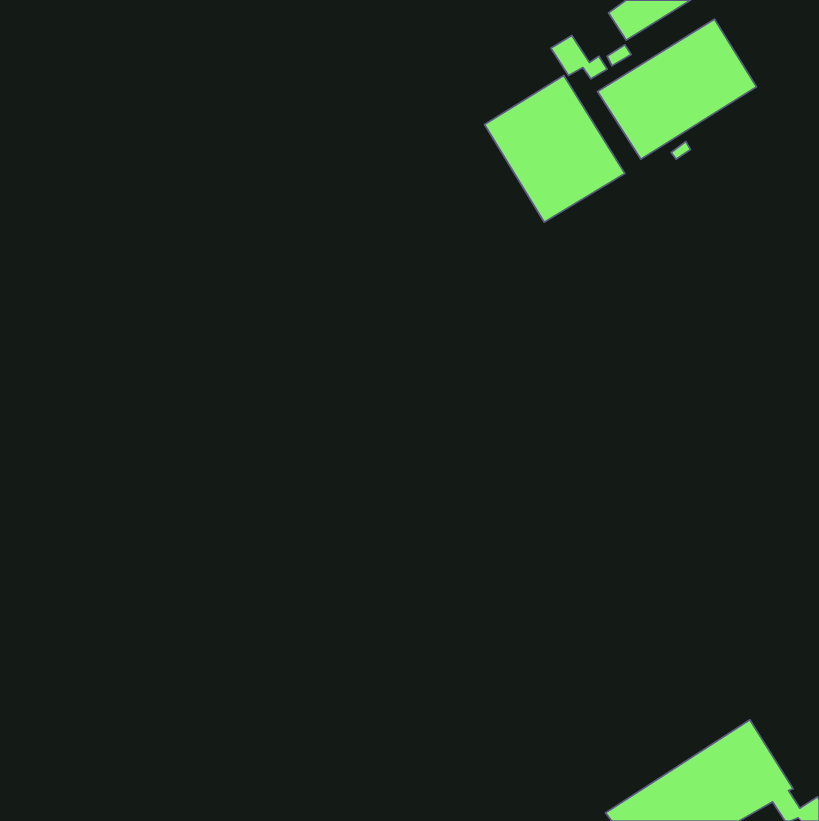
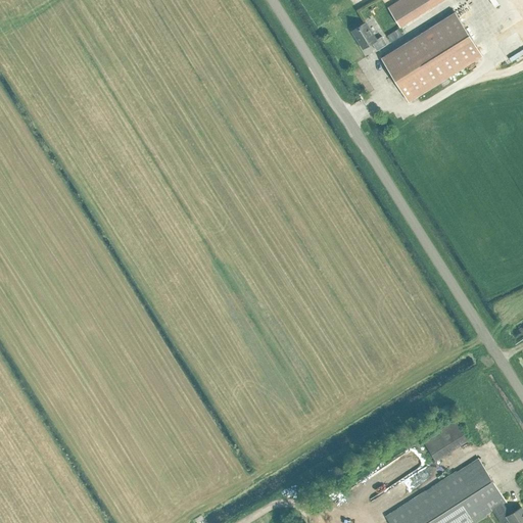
building: [484,75,625,222] -> none
building: none -> [422,420,466,461]

